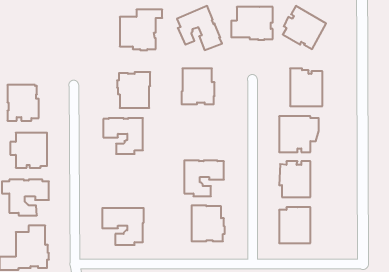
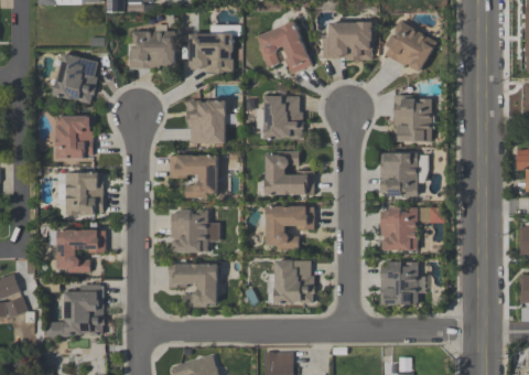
building: none -> [129,30,174,67]
building: none -> [53,52,98,104]
building: none -> [266,150,314,194]
building: none -> [171,208,219,251]

